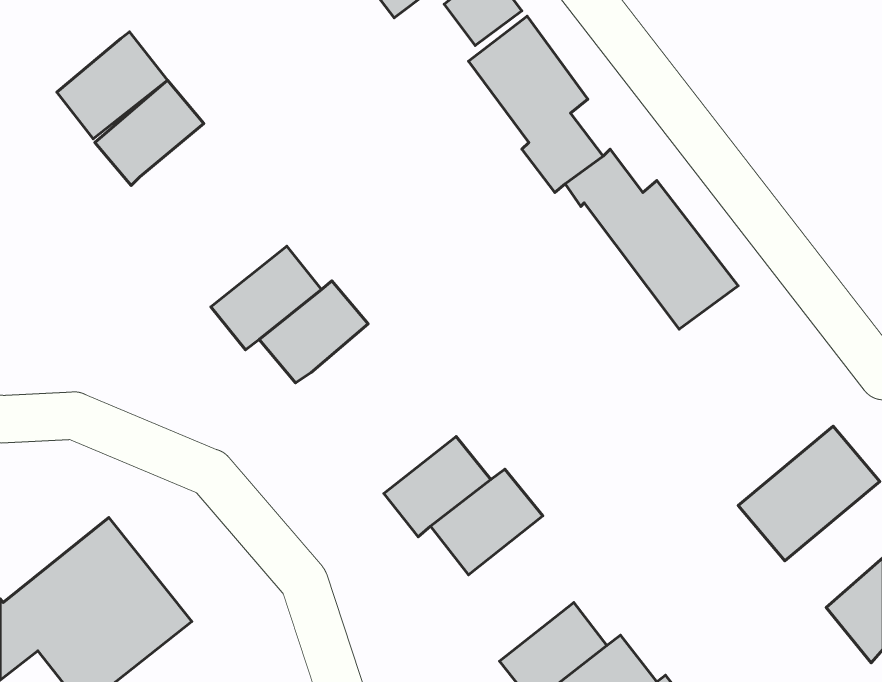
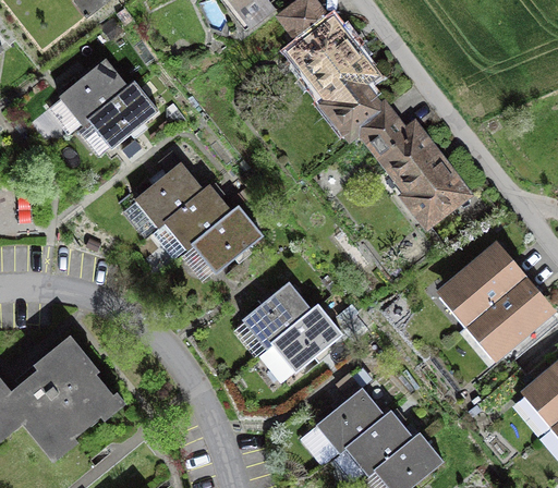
building: [57,32,168,139] -> [88,83,158,150]
building: none -> [196,208,264,274]
building: none -> [436,243,525,328]

